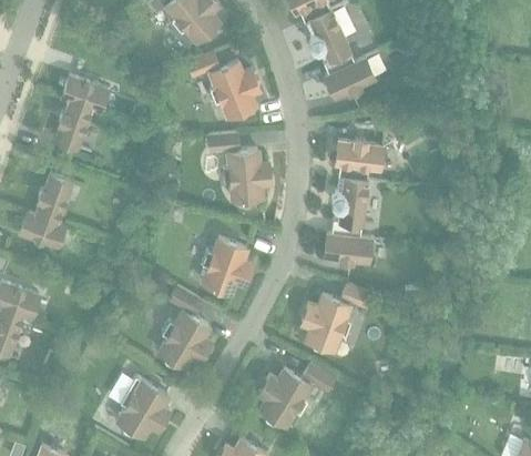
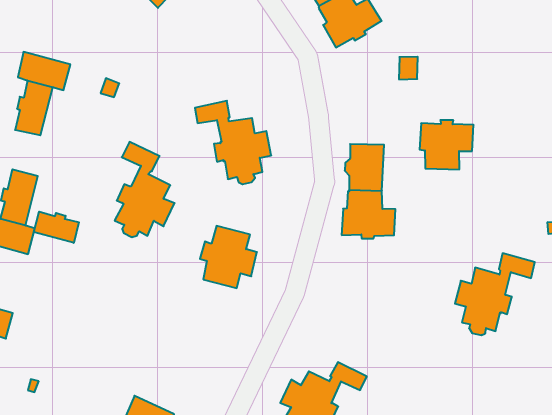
building: [188,53,261,118] -> none
building: [336,141,384,184] -> [420,120,474,169]
building: none -> [34,212,79,243]
building: [303,285,374,353] -> [455,253,535,335]
building: [160,287,212,368] -> [115,142,175,237]

